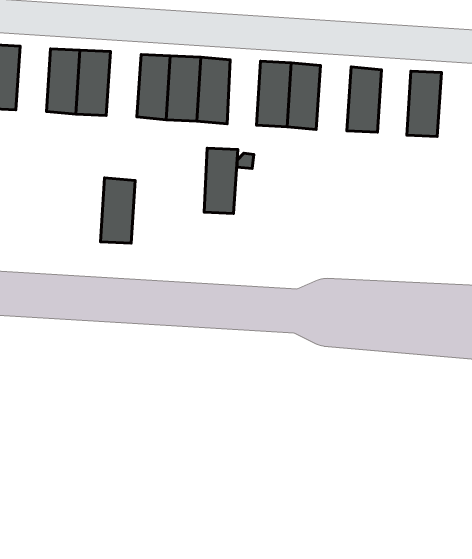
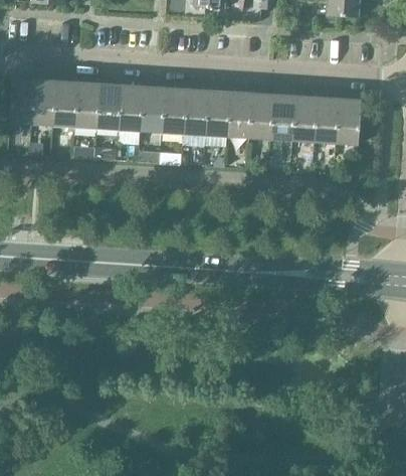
building: none -> [52,80,77,127]
building: none -> [269,94,294,141]
building: none -> [314,97,338,144]
building: [204,148,238,213] -> [205,90,229,137]
building: [100,178,135,243] -> [118,84,143,131]

